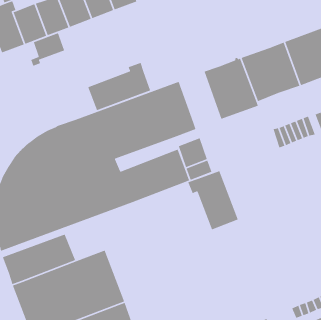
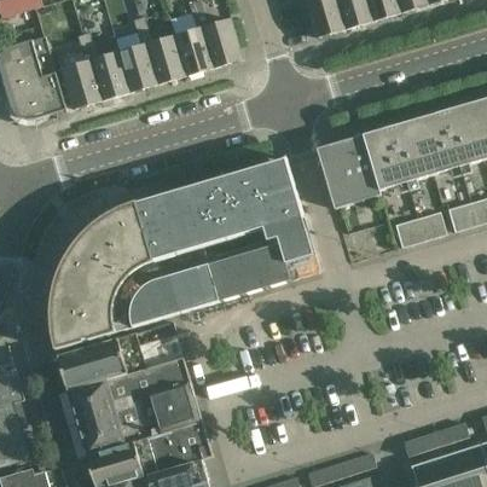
building: [30,32,65,67] -> none
building: [87,62,151,111] -> none
building: [187,170,239,231] -> none

